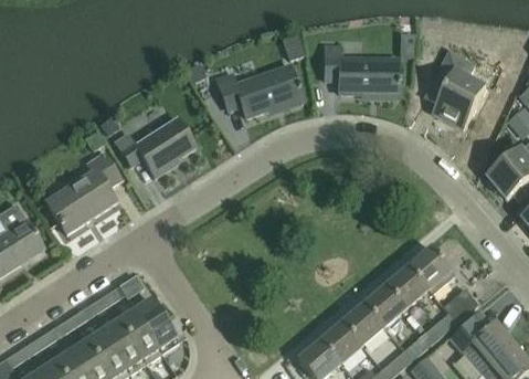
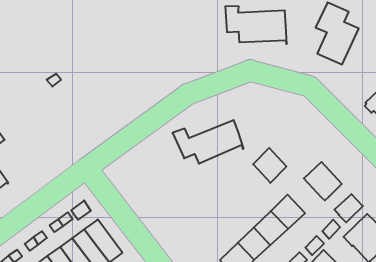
building: [215,66,301,117] -> [172,120,244,164]
building: [114,118,194,177] -> none
building: [44,152,120,233] -> none
building: [385,265,426,308] -> [253,148,286,183]

